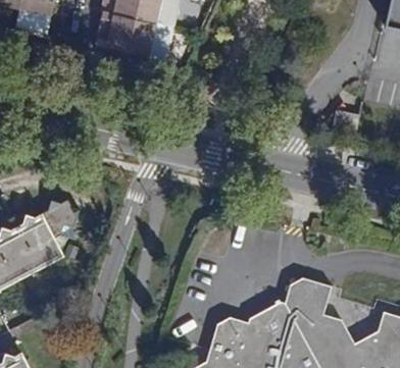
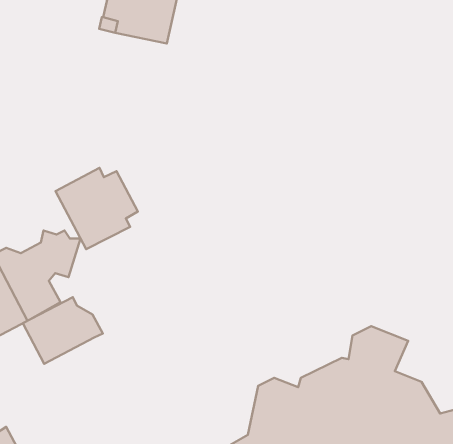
building: none -> [56,168,138,249]
building: none -> [23,297,103,364]

